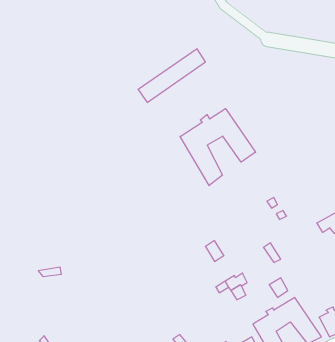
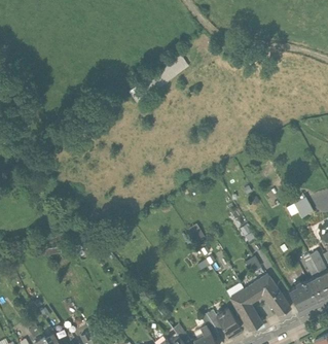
building: [180,109,256,186] -> none

